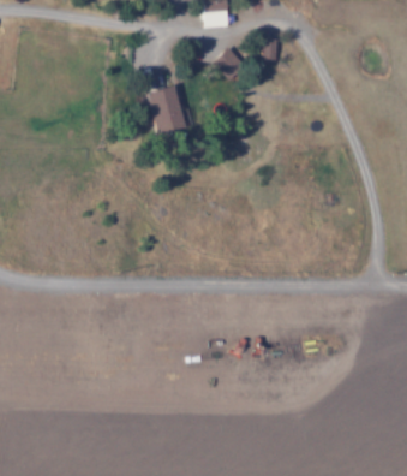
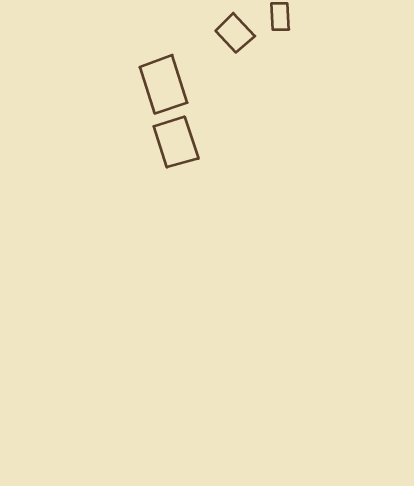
building: none -> [154,117,198,167]

